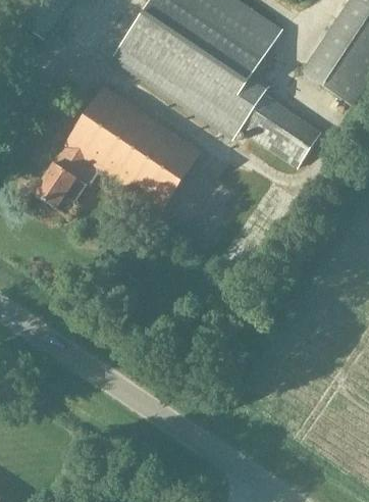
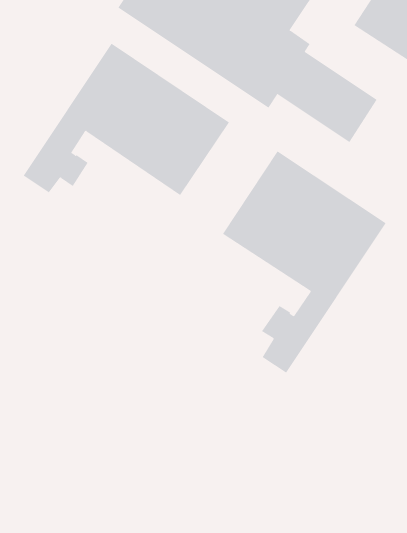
building: none -> [222,151,387,374]

